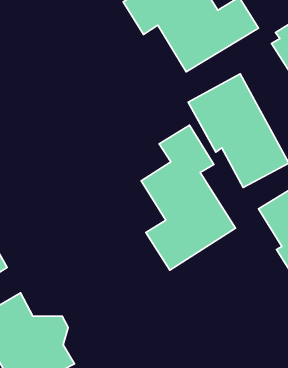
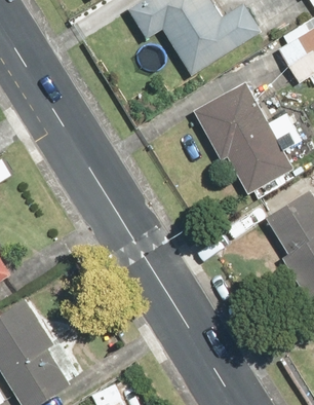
building: [141,125,236,270] -> none

